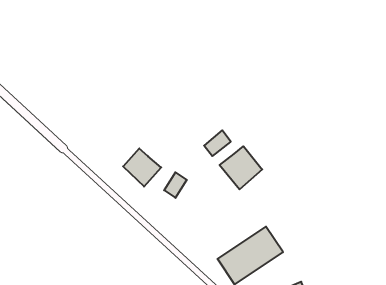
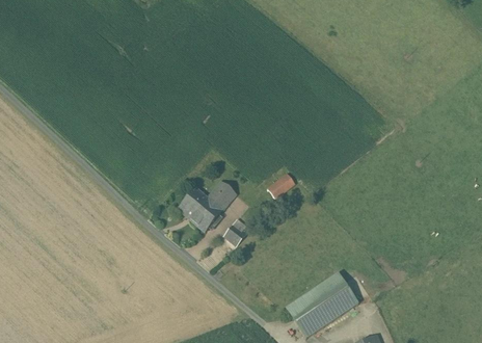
building: none -> [209,181,238,210]
building: [220,146,262,189] -> none

